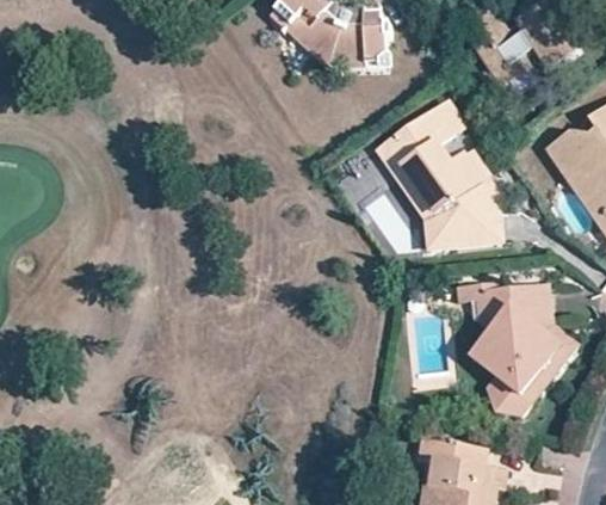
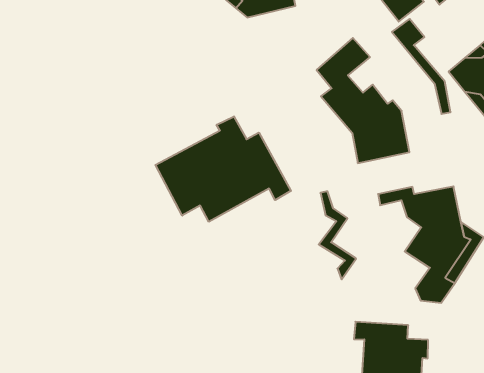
building: [377,134,437,247] -> [392,19,451,114]
building: none -> [155,116,291,222]
building: [468,294,509,398] -> [319,191,356,279]

